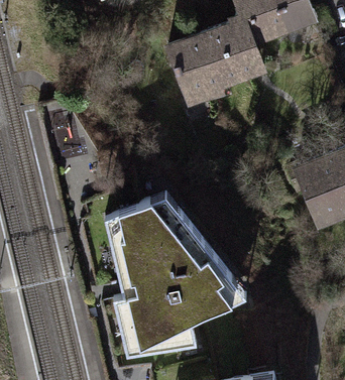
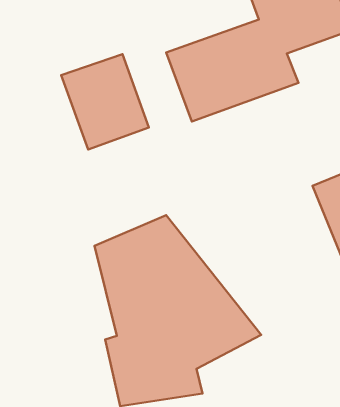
building: none -> [61,54,149,149]

